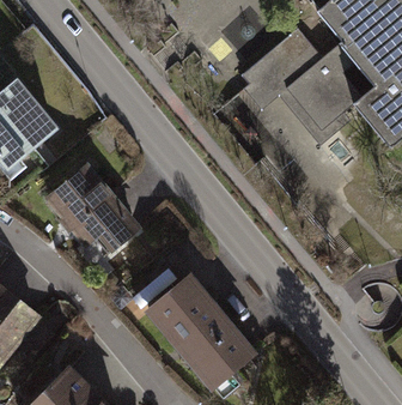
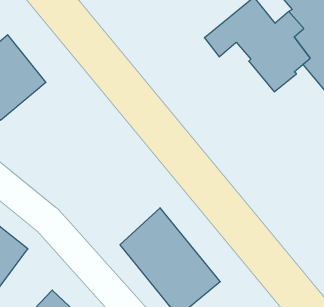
building: [44,158,141,250] -> none

